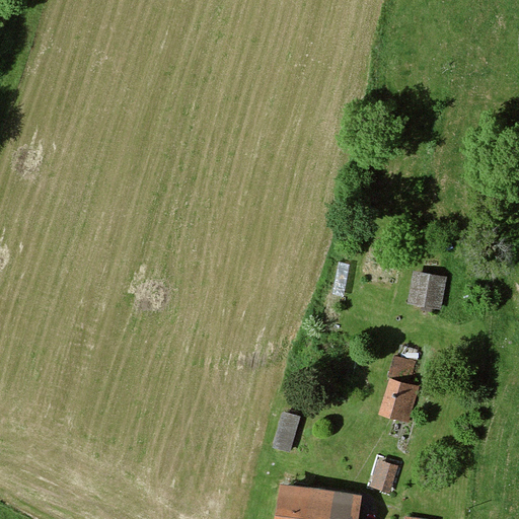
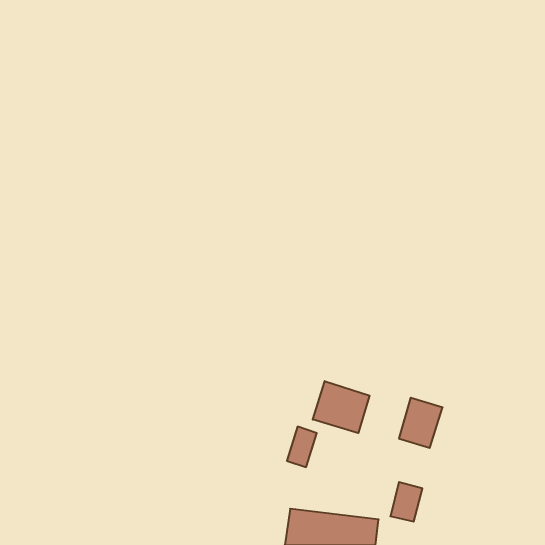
building: [407,272,449,312] -> none
building: none -> [313,381,370,433]

